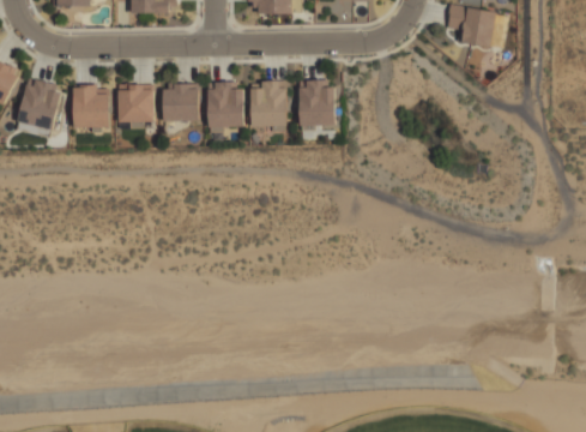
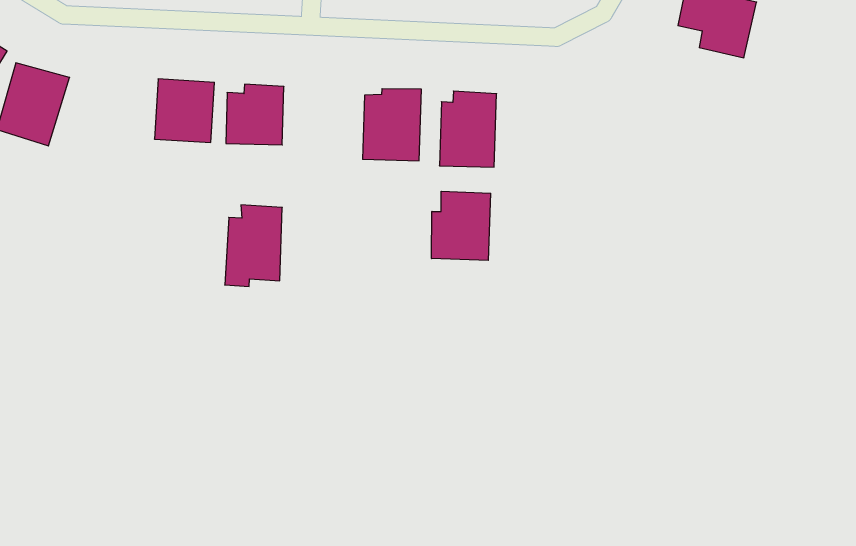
building: [209,80,243,132] -> [225,205,282,286]
building: [73,84,110,127] -> none
building: none -> [432,191,491,260]

